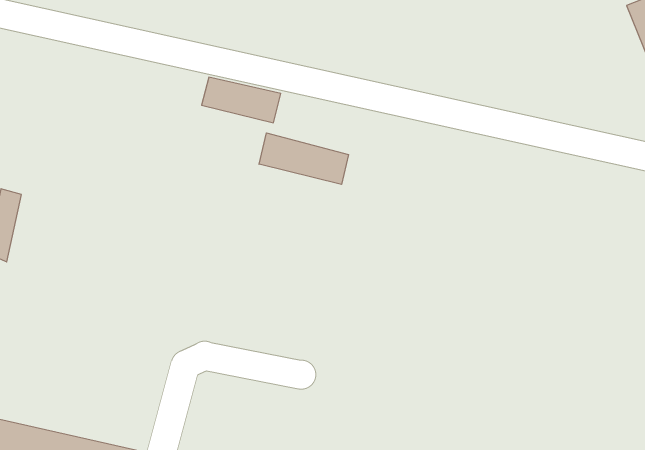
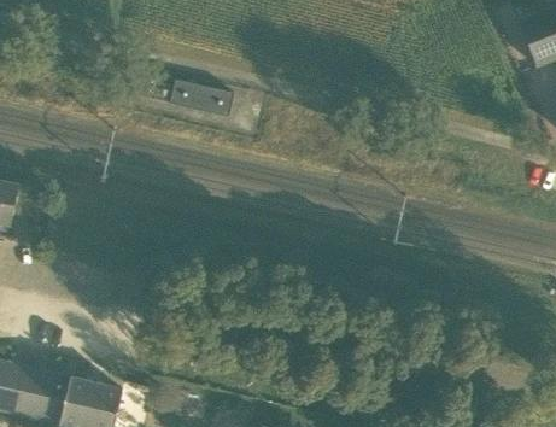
building: [259,133,348,184] -> none

